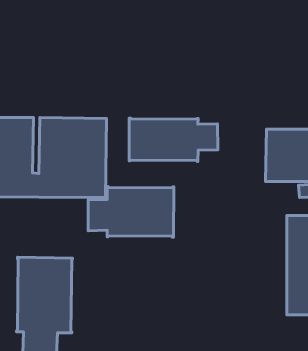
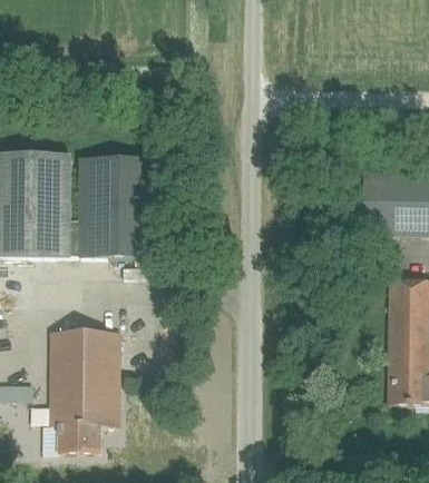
building: [129,118,218,161] -> none
building: [88,187,174,237] -> none

